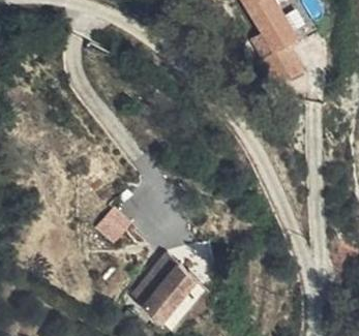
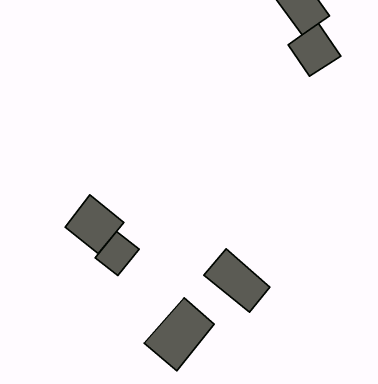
building: none -> [65,195,124,253]
building: none -> [204,249,270,312]

